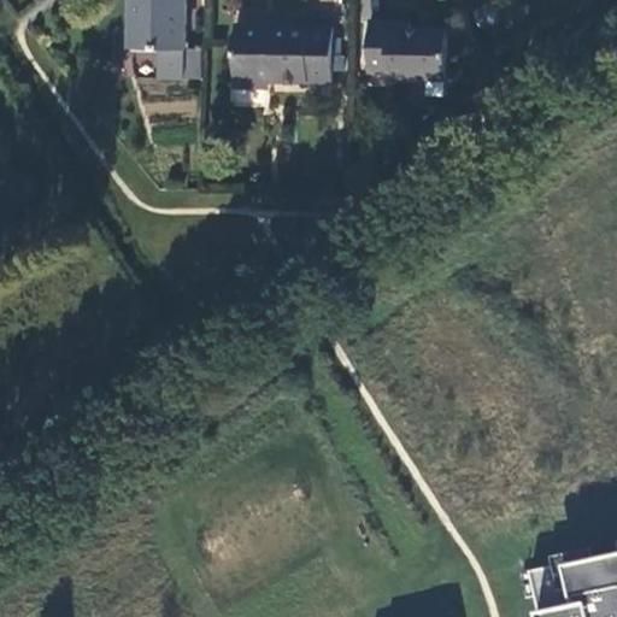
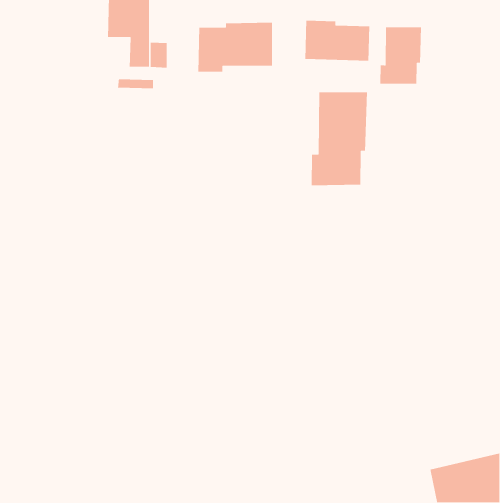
building: none -> [380,26,422,85]
building: none -> [311,91,368,186]

